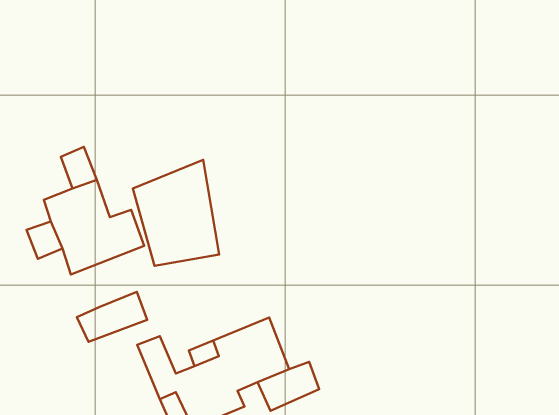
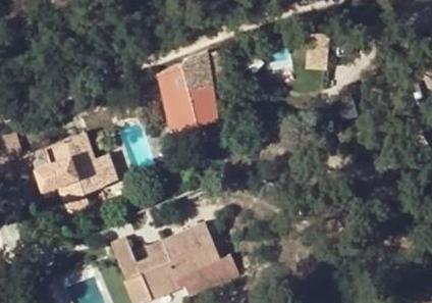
building: [133,160,219,266] -> [156,53,217,129]
building: [77,292,147,342] -> none

